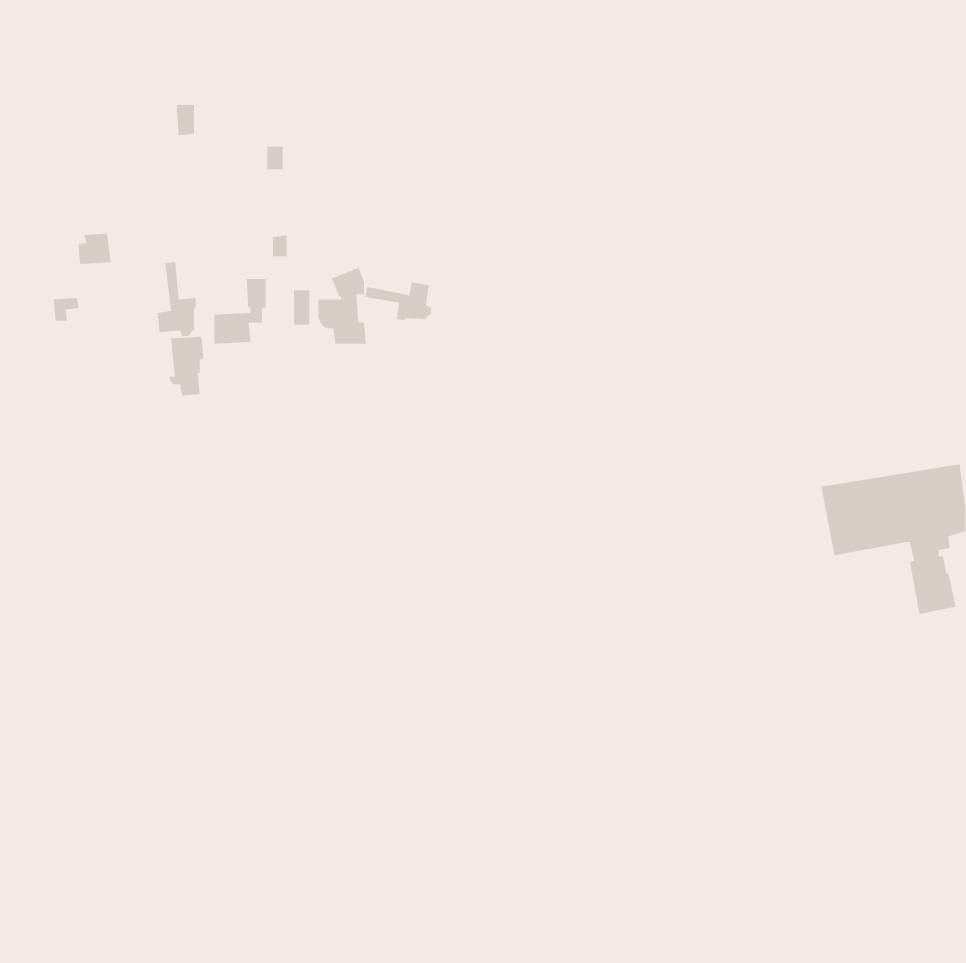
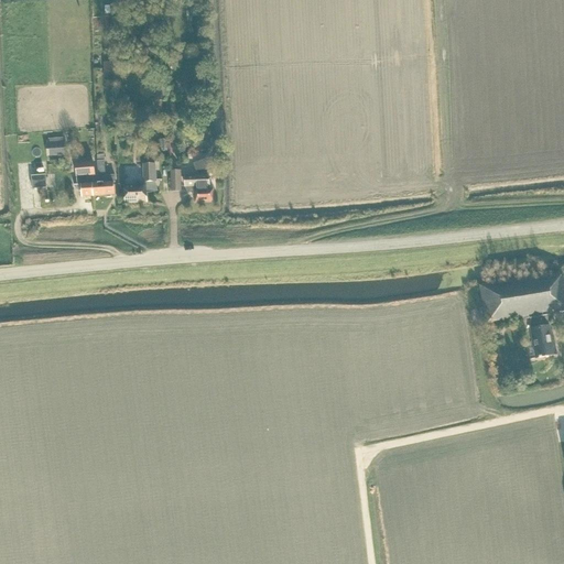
building: [364,281,432,321] -> none
building: [168,336,204,397] -> [74,160,95,195]

